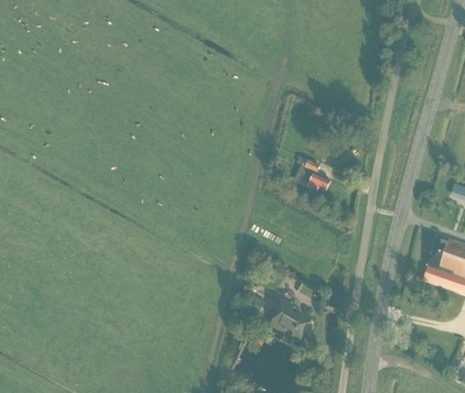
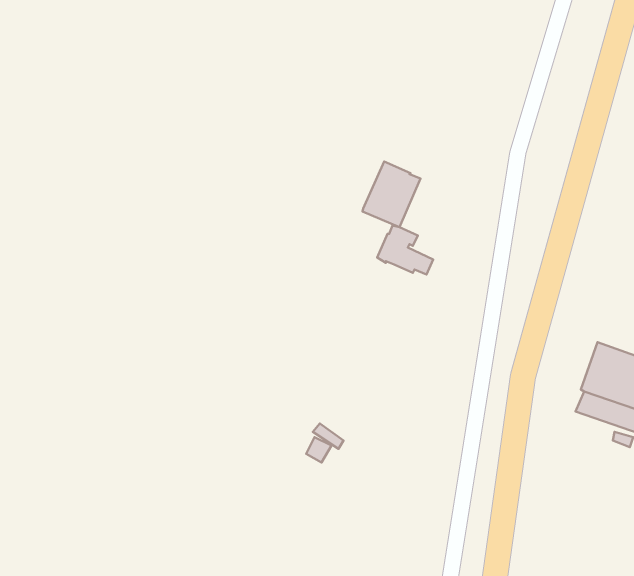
building: none -> [362,162,420,227]
building: [271,298,309,340] -> none

